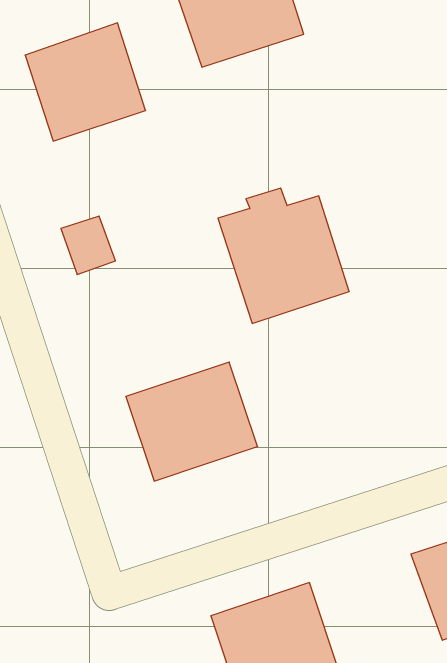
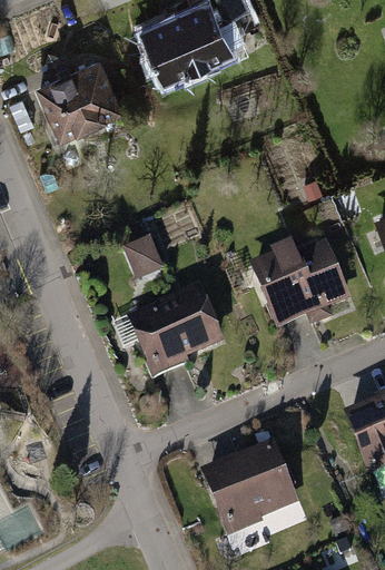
building: [218,188,349,323] -> [250,239,349,338]
building: [61,216,115,275] -> [125,238,166,282]

